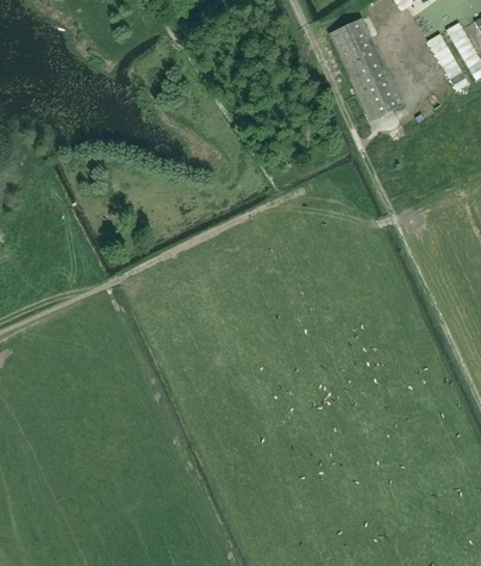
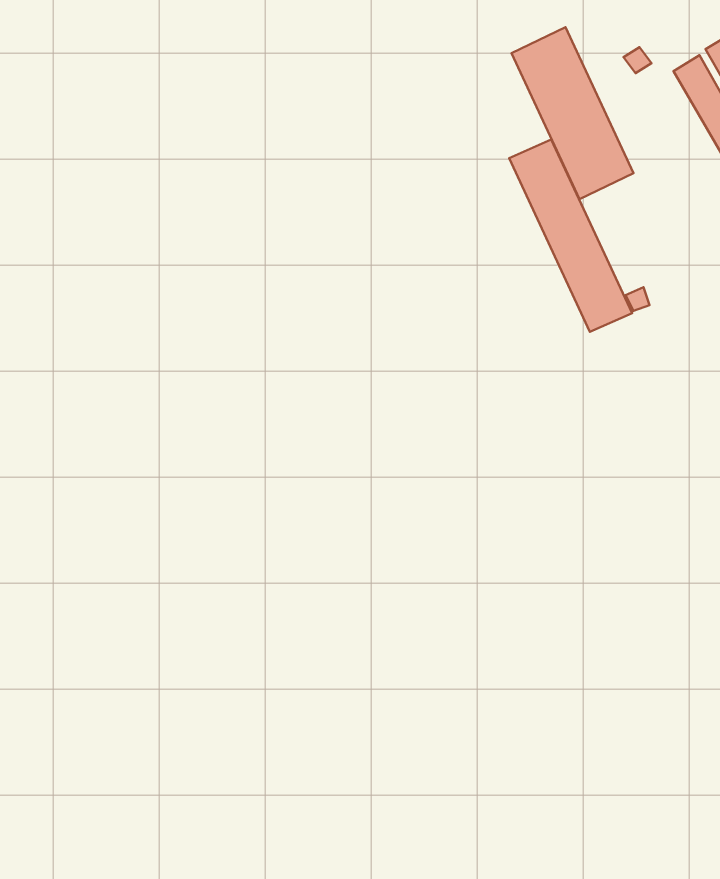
building: none -> [509,140,632,332]

